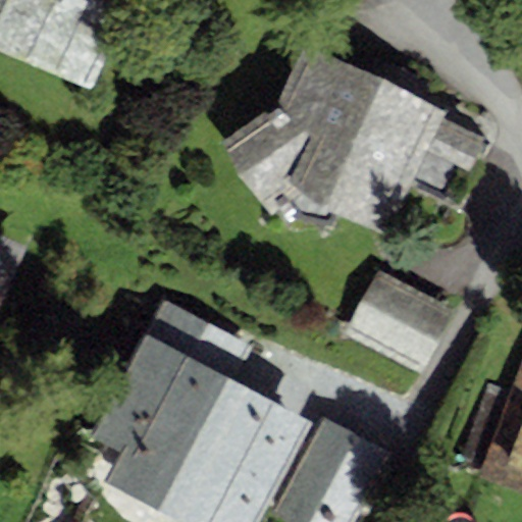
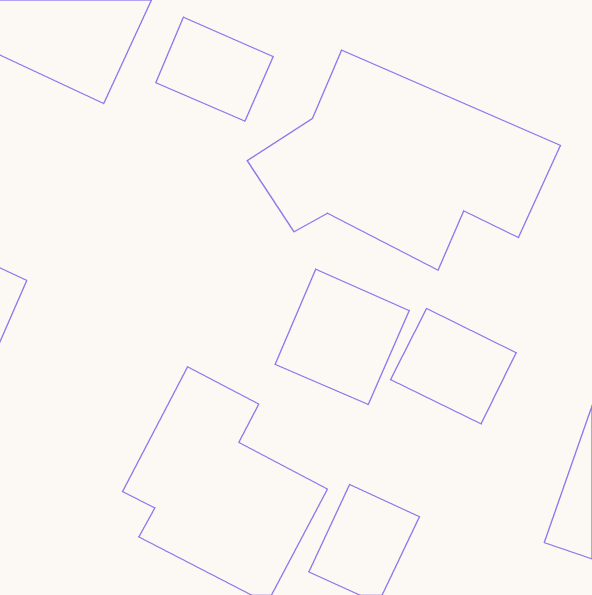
building: none -> [156,17,273,121]
building: none -> [275,269,409,405]

